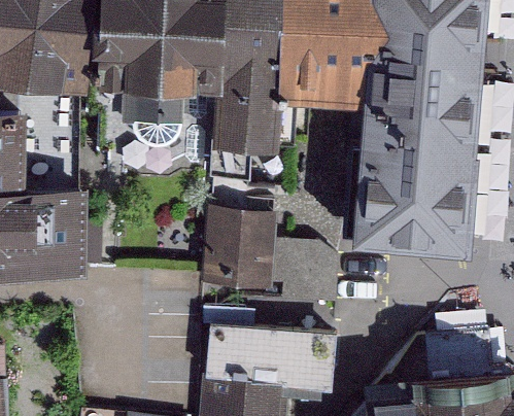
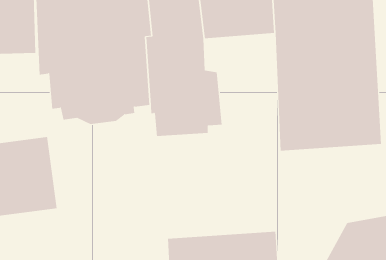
building: [200,209,336,308] -> none

